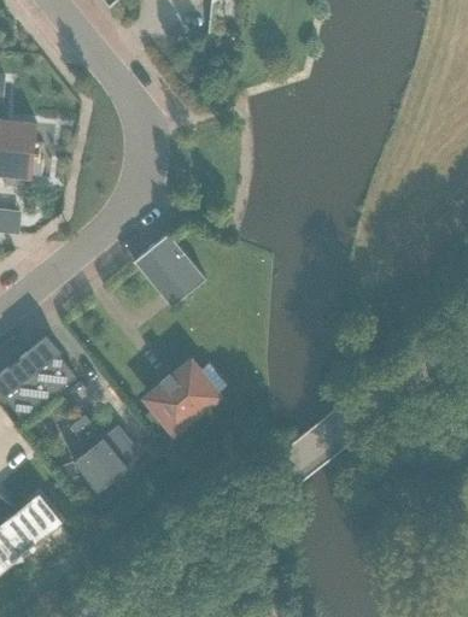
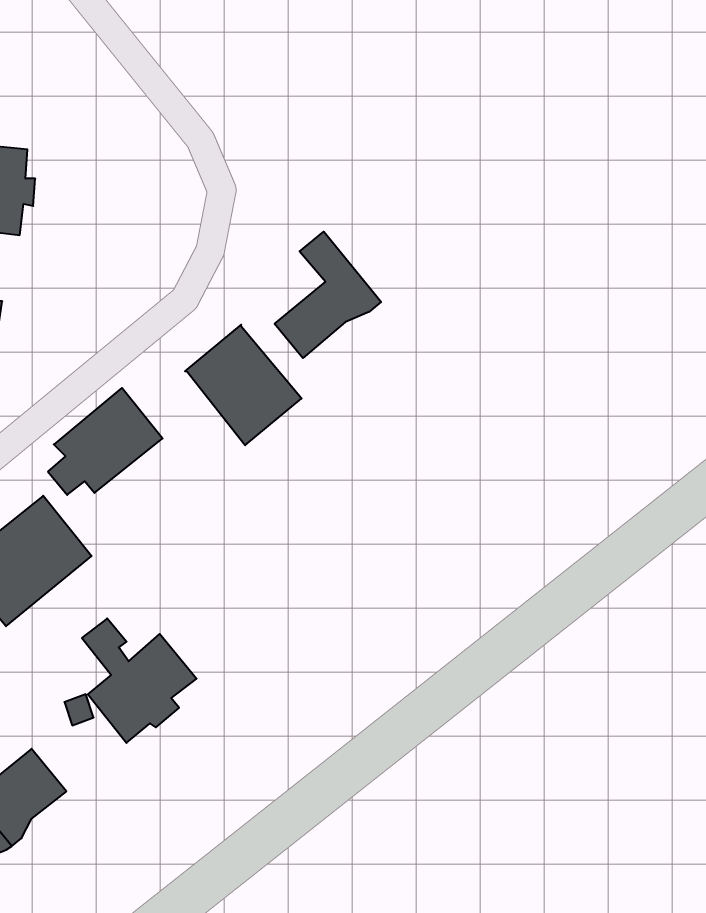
building: none -> [275,232,381,358]
building: [144,364,215,430] -> [48,388,163,495]

